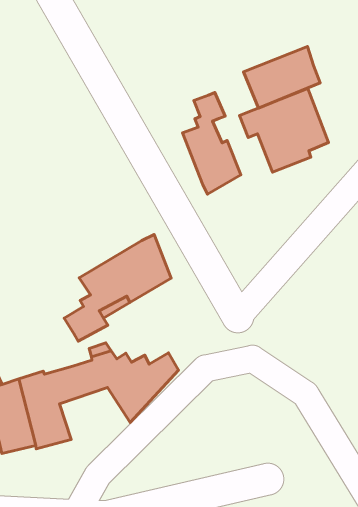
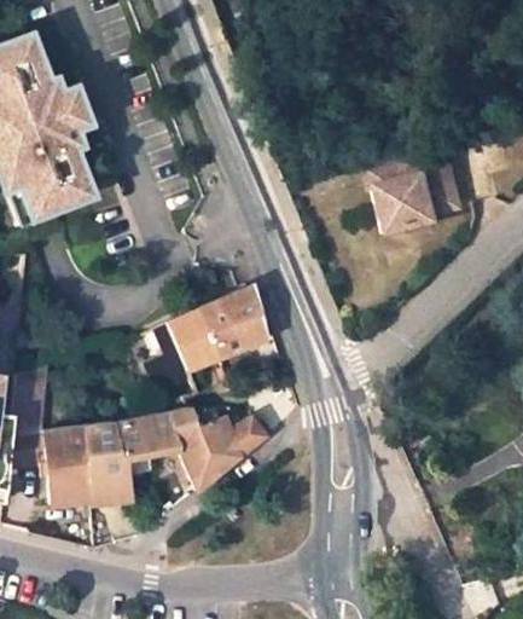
building: [243,46,320,108] -> none
building: [182,93,241,194] -> none

